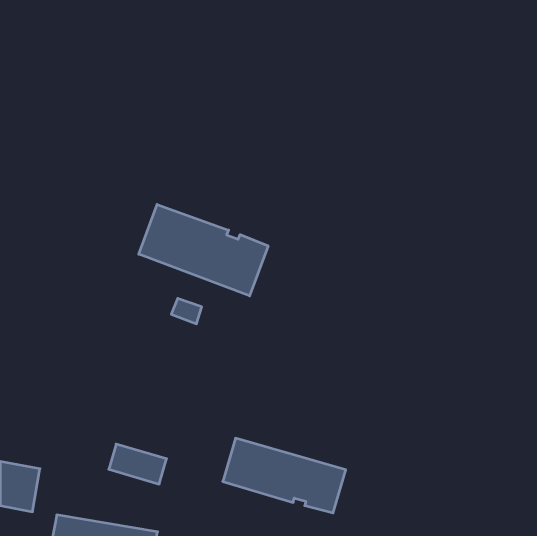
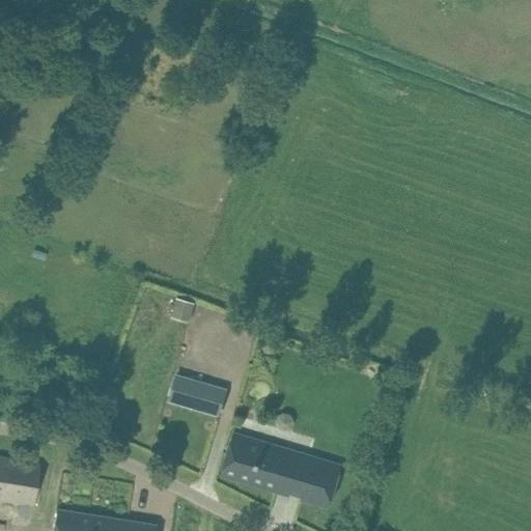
building: [139,204,268,296] -> none
building: [109,444,167,484] -> [168,376,225,416]

